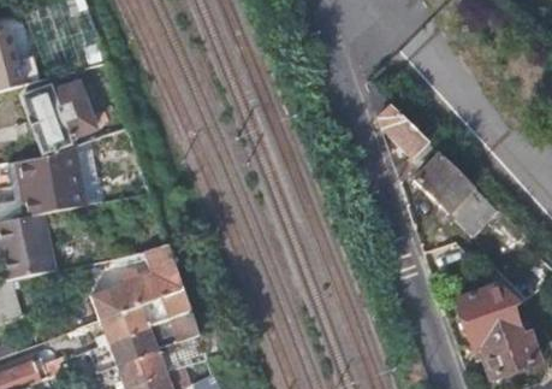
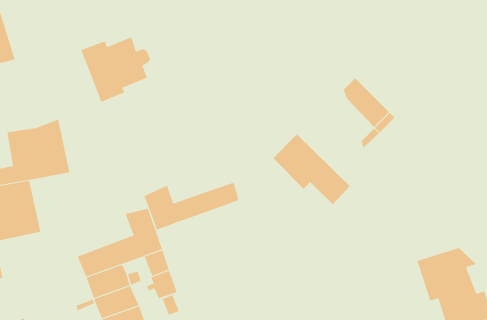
building: [23,82,99,153] -> [81,36,151,102]
building: [412,151,497,228] -> [272,133,351,205]
building: none -> [144,182,239,230]

